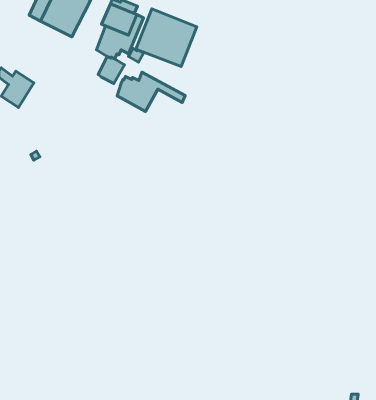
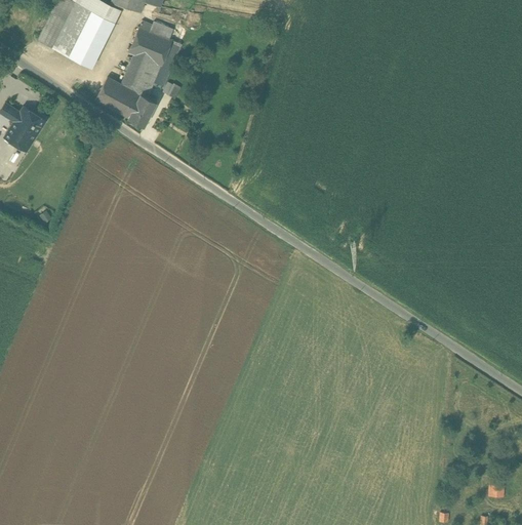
building: [136,9,197,66] -> none
building: none -> [94,76,135,114]
building: [117,72,185,111] -> none

